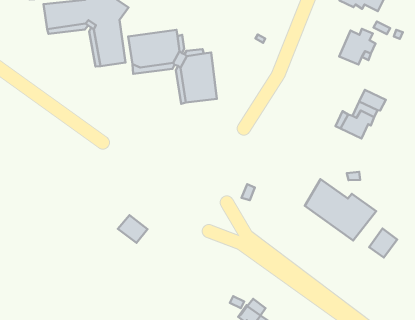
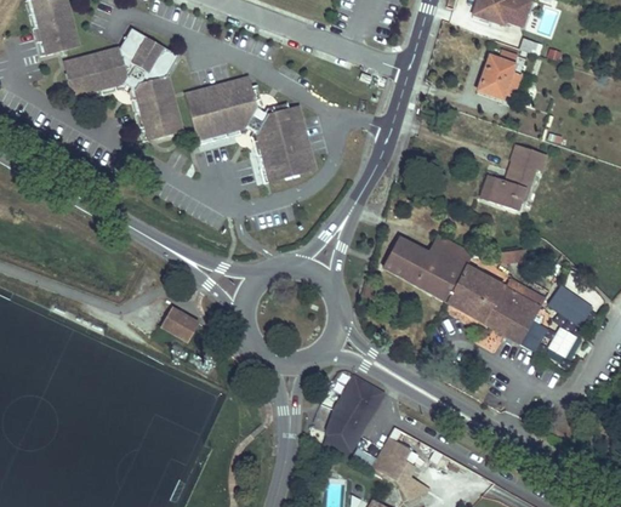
building: none -> [386,235,472,303]
building: none -> [549,287,592,325]
building: [118,215,148,243] -> [159,304,200,342]
building: none -> [323,375,384,456]

